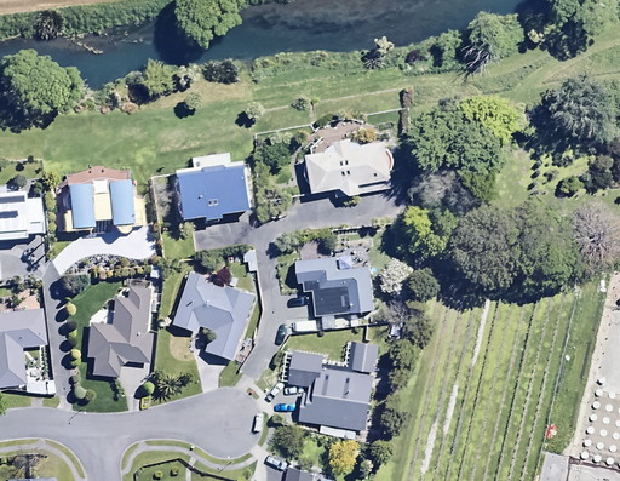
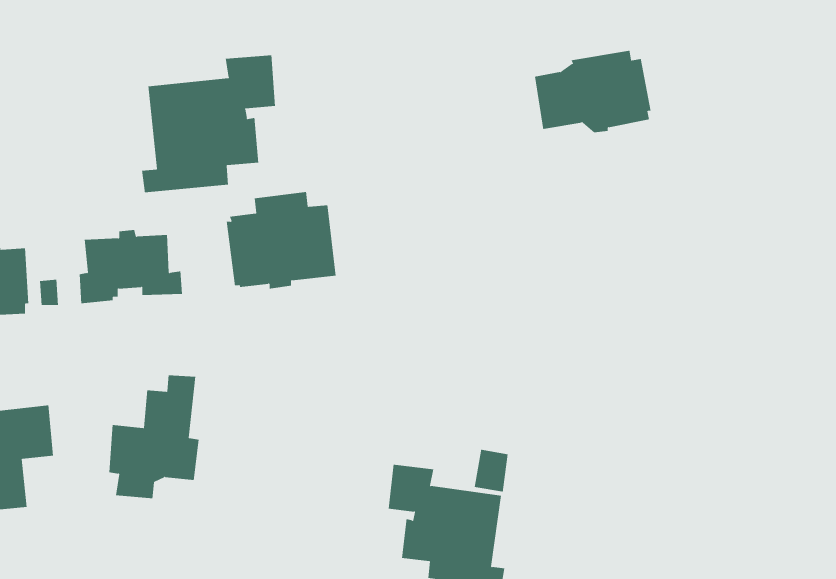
building: none -> [141,54,276,193]
building: [306,137,392,197] -> [534,50,652,133]
building: [295,244,375,316] -> none
building: [170,273,256,362] -> none

